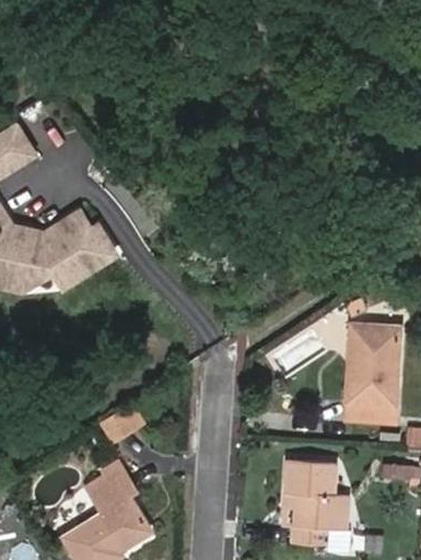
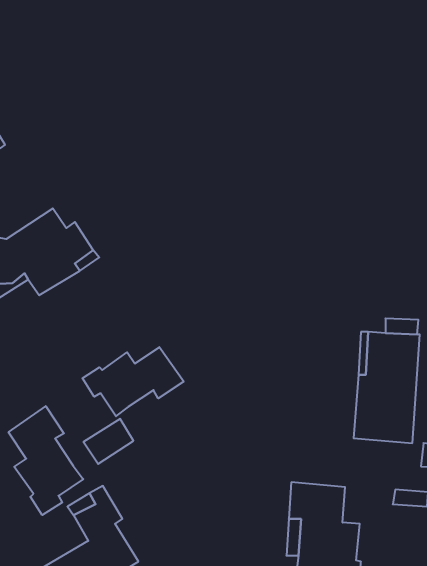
building: none -> [82,347,184,416]
building: none -> [9,406,83,515]

